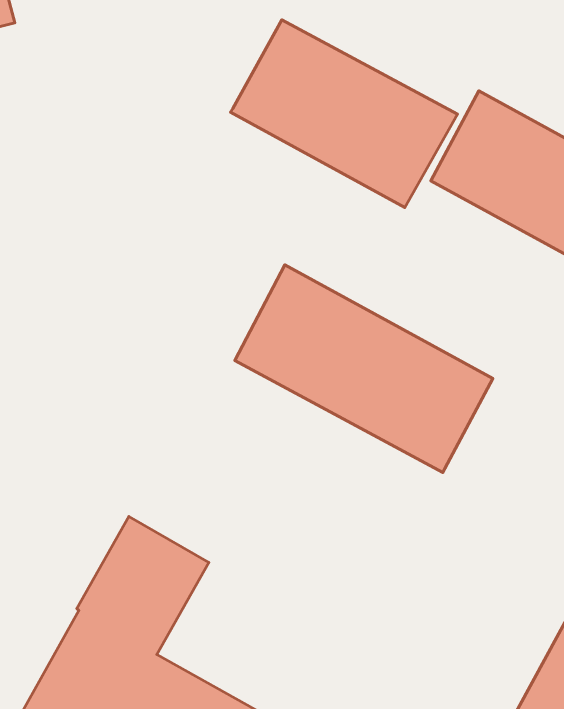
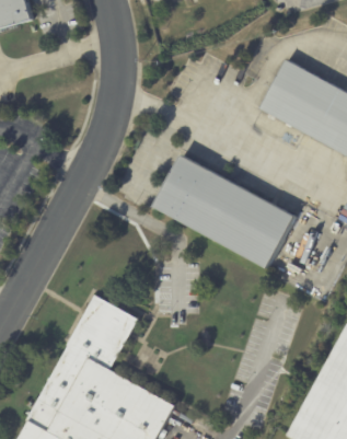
building: [231,20,457,208] -> none

